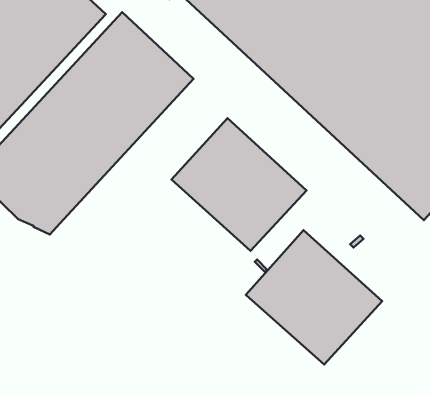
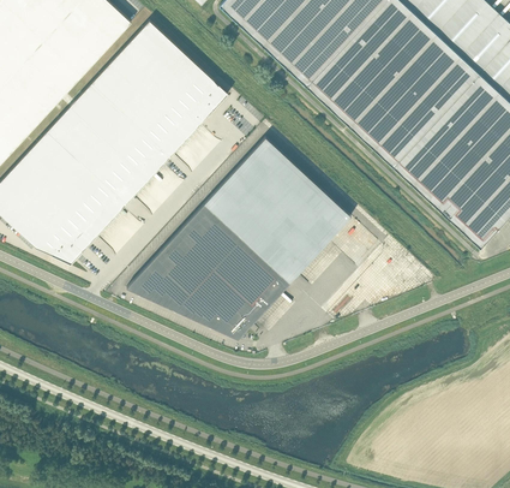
building: none -> [127,203,290,338]
building: [246,230,382,364] -> none

